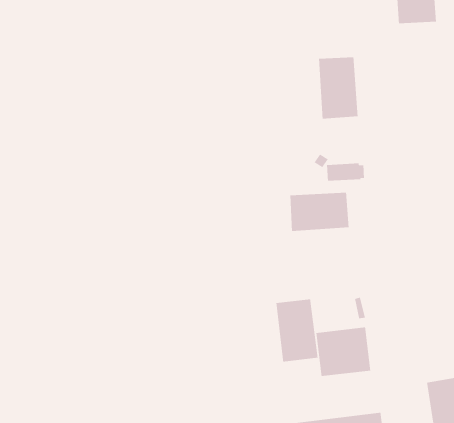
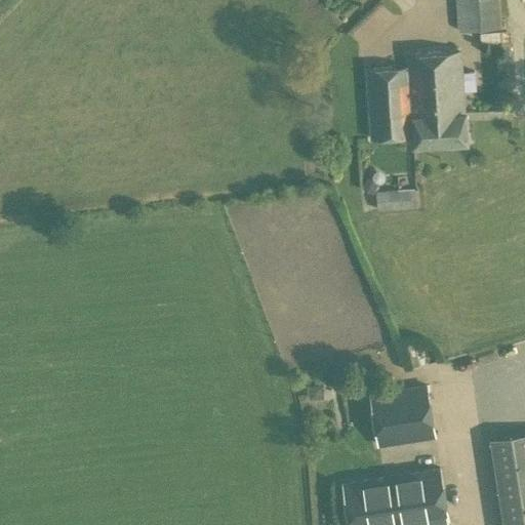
building: none -> [408,54,468,149]
building: [289,192,350,232] -> none
building: [276,298,319,363] -> none

